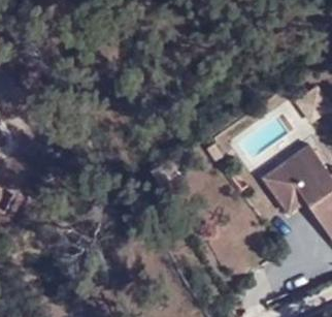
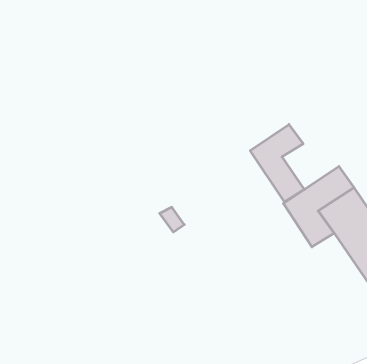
building: none -> [250,124,304,202]

